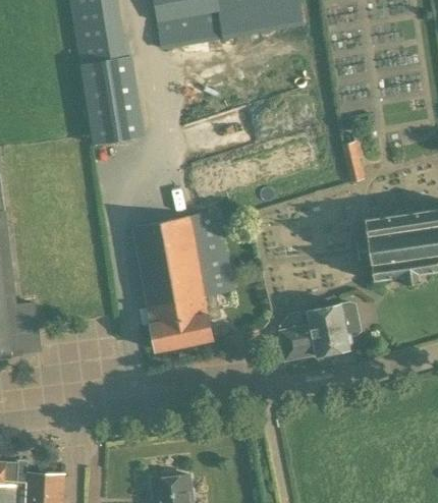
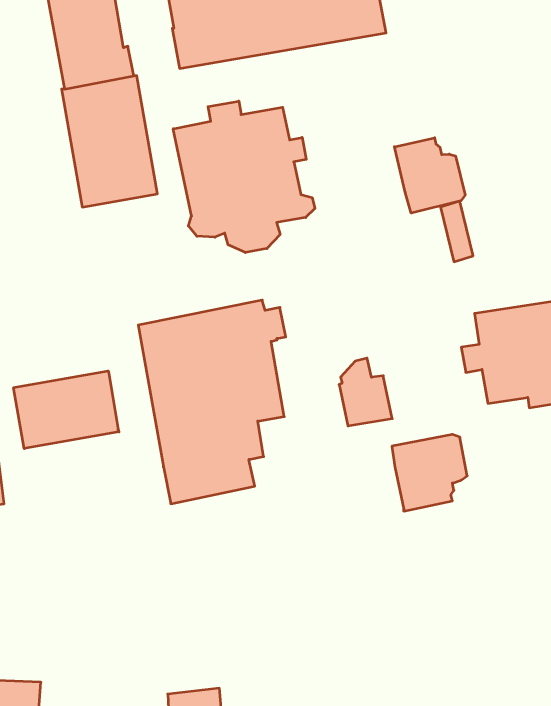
building: none -> [173,101,315,253]
building: none -> [394,138,465,213]
building: none -> [14,371,119,449]
building: [280,313,317,359] -> [339,358,392,426]

